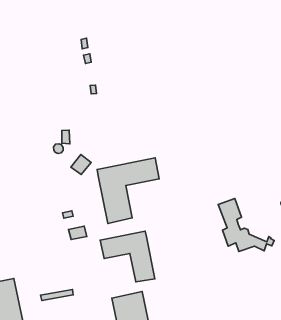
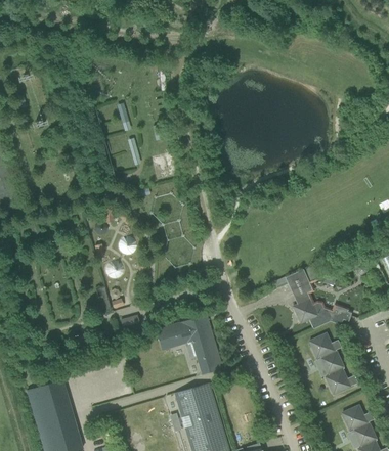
building: [97,158,159,224] -> none
building: none -> [309,333,358,395]

